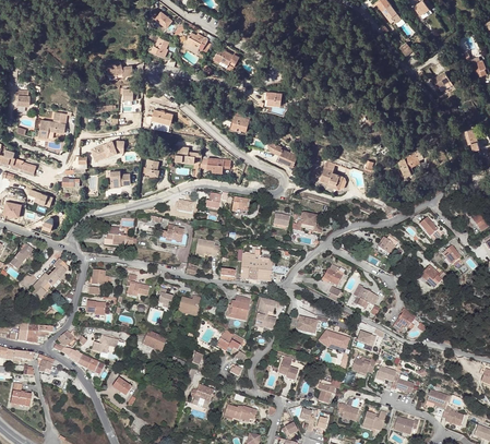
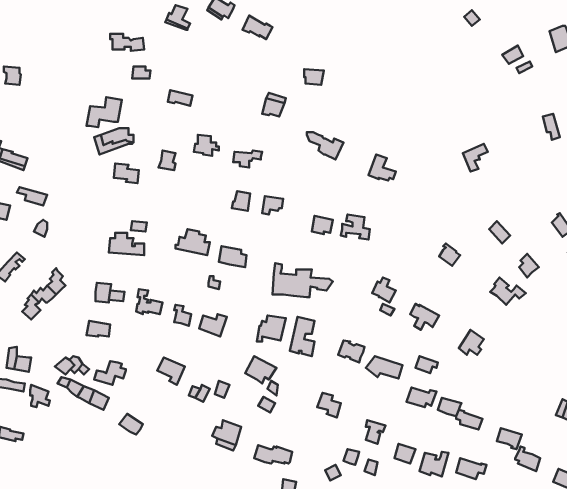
building: [38,112,68,137] -> [86,97,122,127]

